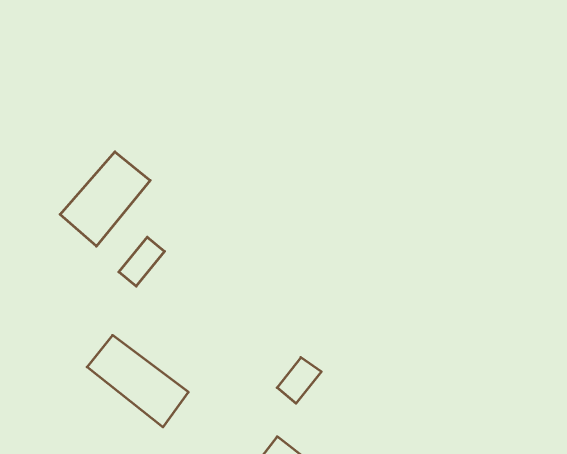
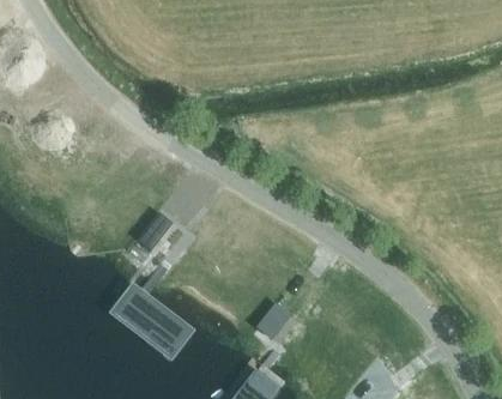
building: [60,152,150,246] -> none

